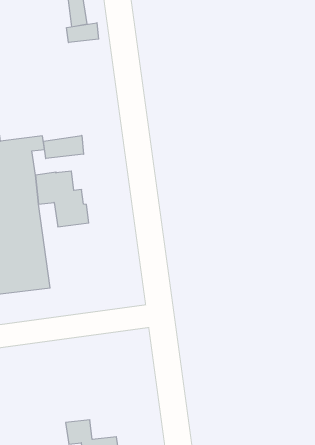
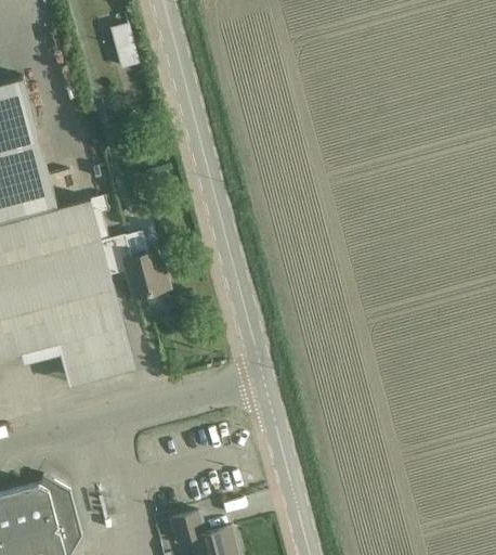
building: [67,23,99,43] -> none
building: [43,135,84,159] -> none

